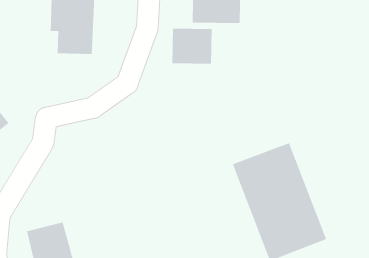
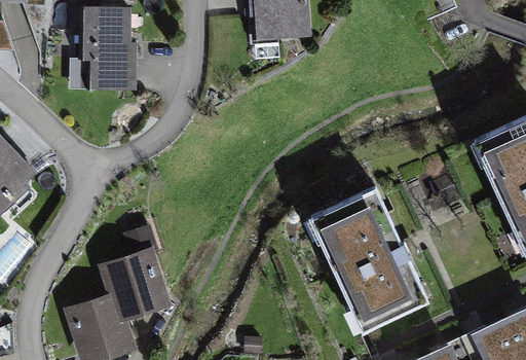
building: [171,28,213,64] -> none
building: none -> [100,253,163,323]

